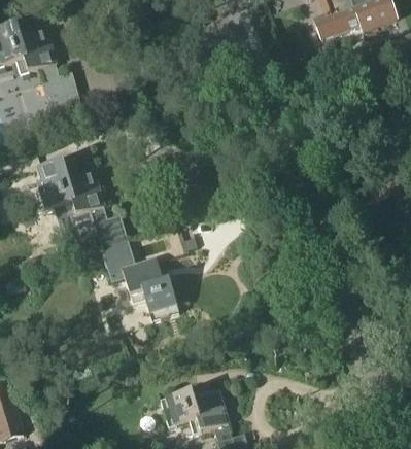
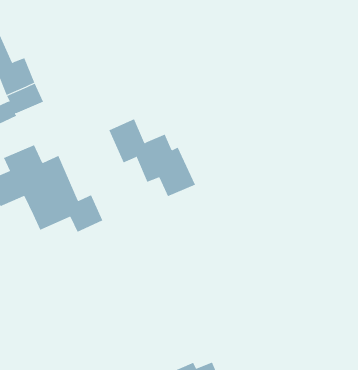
building: [100,238,178,318] -> [108,118,196,197]

